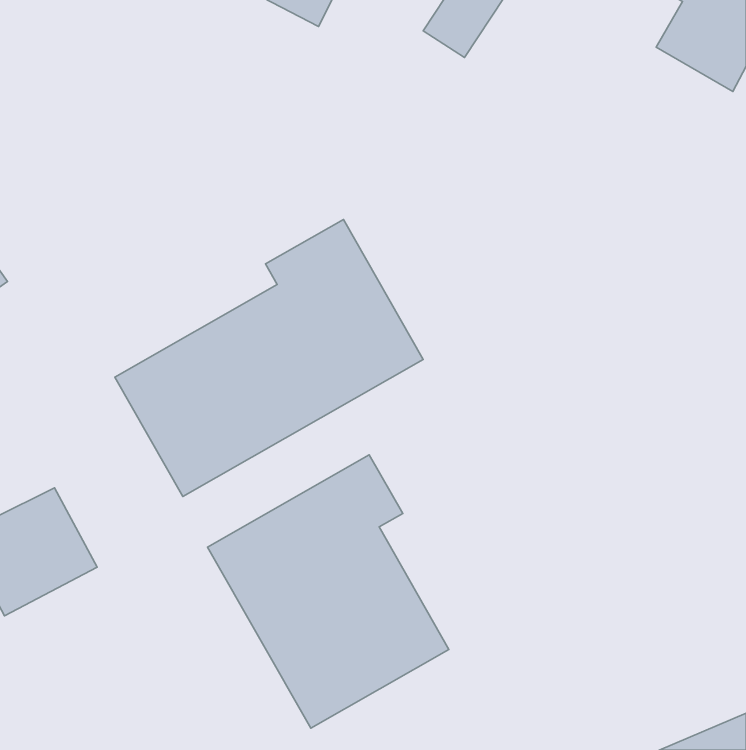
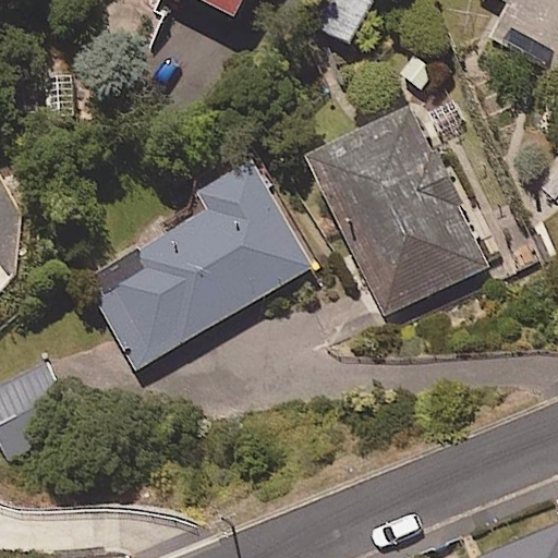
building: none -> [313,112,485,313]
building: [208,455,449,728] -> none

